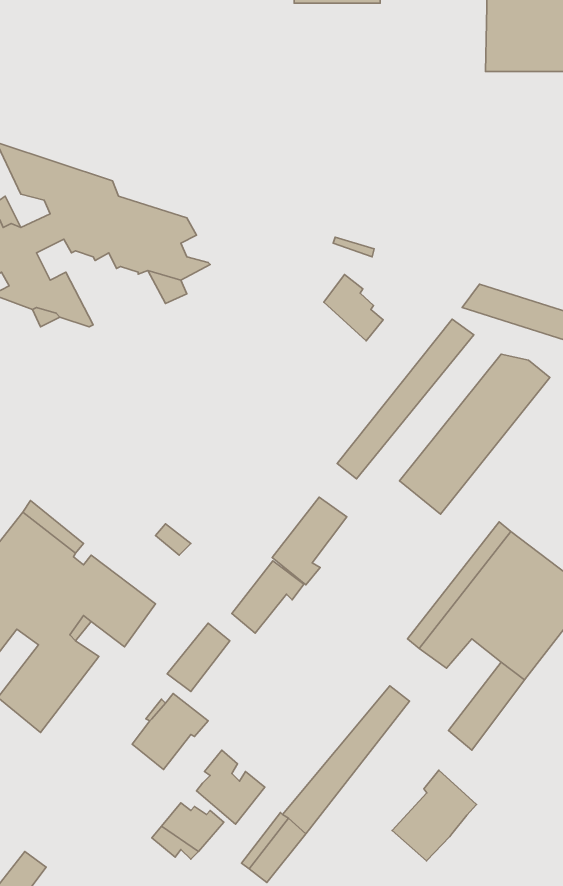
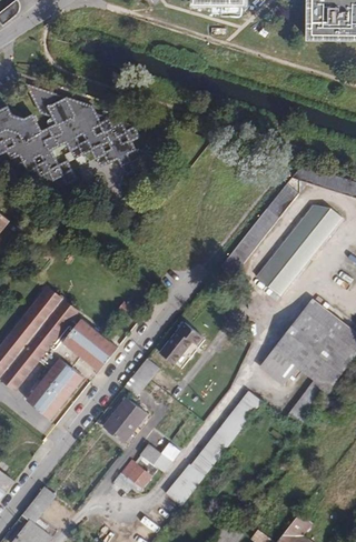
building: [324,275,383,341] -> none
building: [272,497,347,585] -> none
building: [392,770,476,861] -> none

